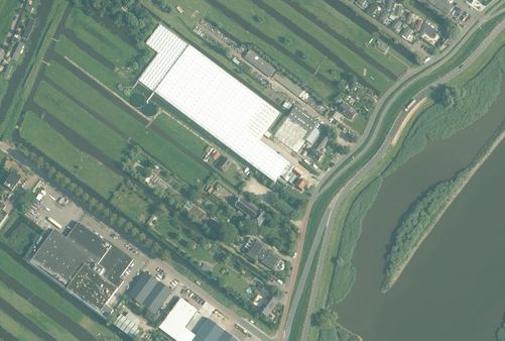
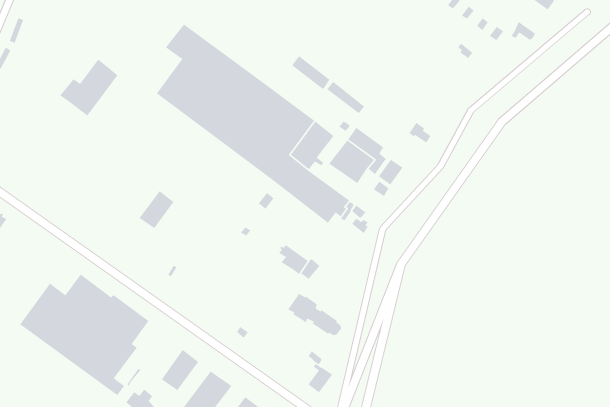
building: none -> [59,59,119,116]
building: none -> [138,190,174,229]
building: [128,271,158,305] -> none

